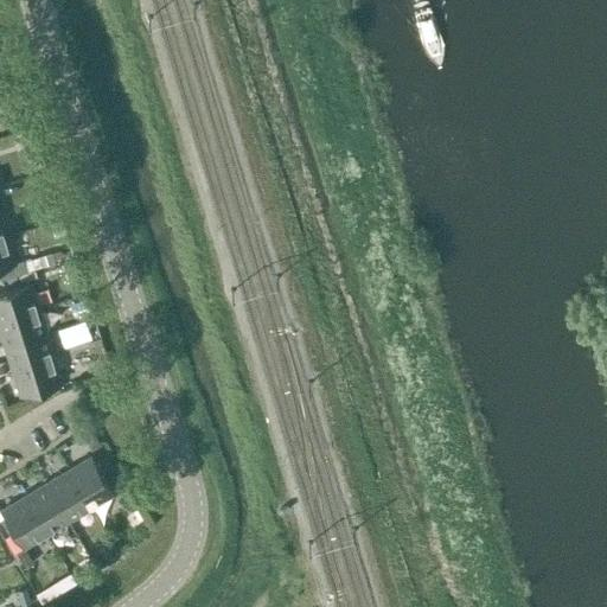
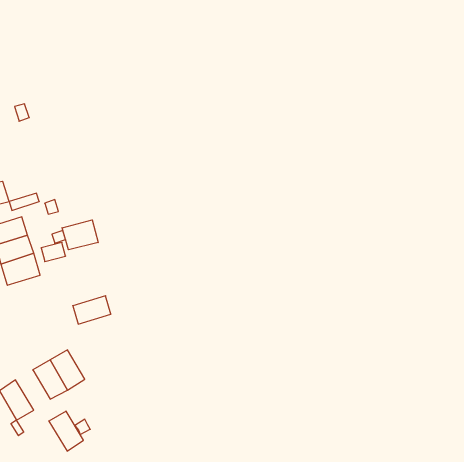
building: none -> [62,220,98,250]
building: [9,363,59,400] -> [73,296,111,324]
building: [20,486,65,538] -> [49,411,83,451]

